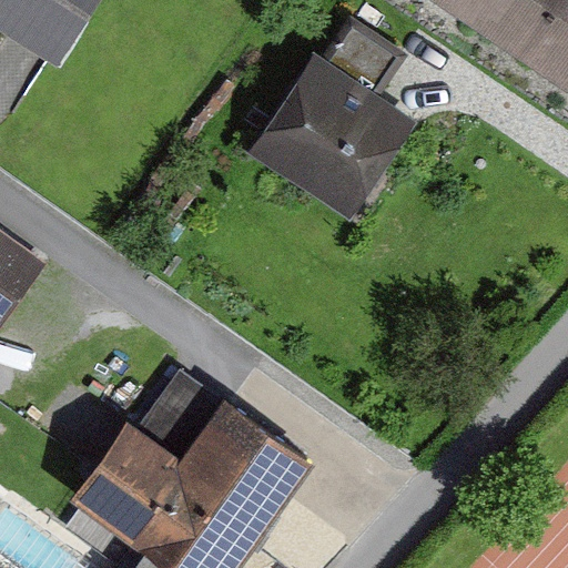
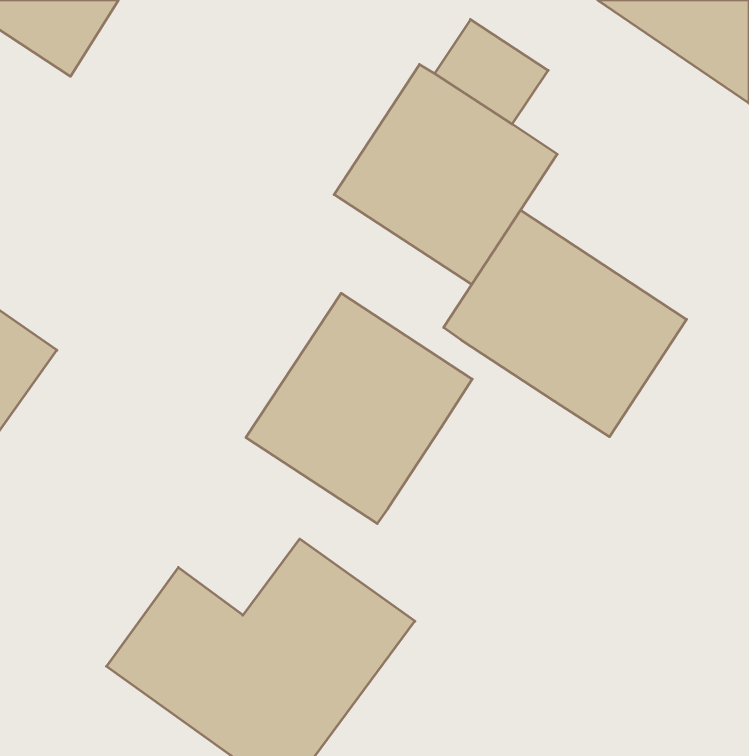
building: none -> [444,210,687,437]
building: none -> [246,293,472,524]

